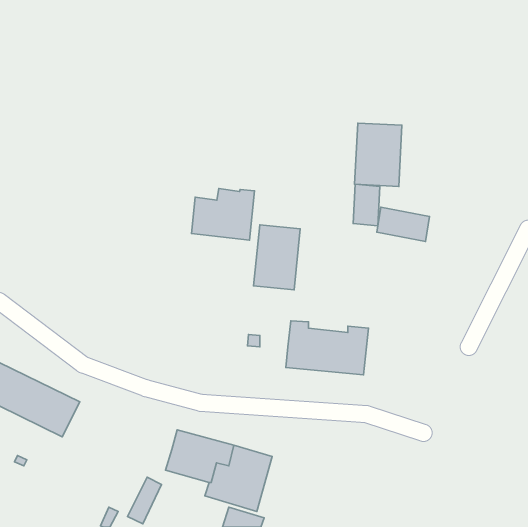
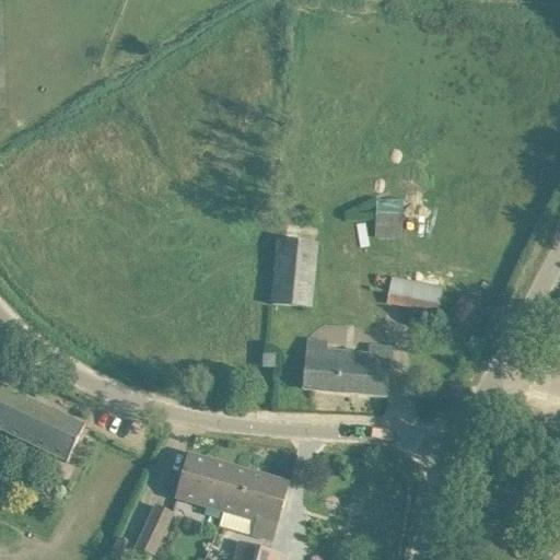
building: [354,123,402,187] -> none
building: [192,189,254,240] -> none
building: [377,207,430,241] -> [386,275,442,311]

